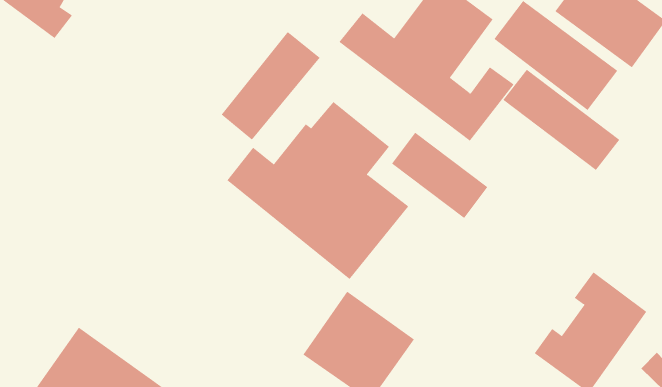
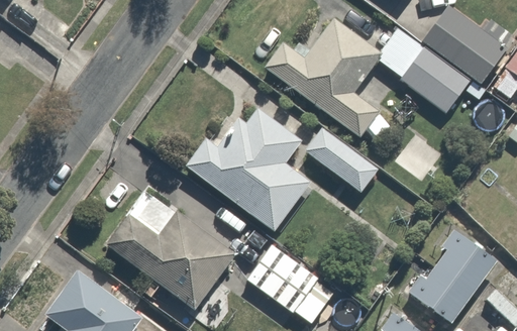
building: [221,31,320,140] -> none
building: [502,69,620,171] -> none
building: none -> [108,189,238,309]

